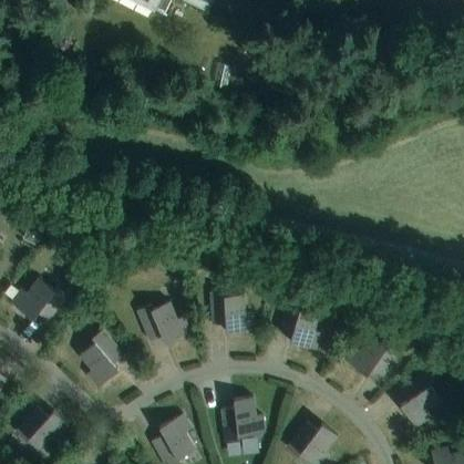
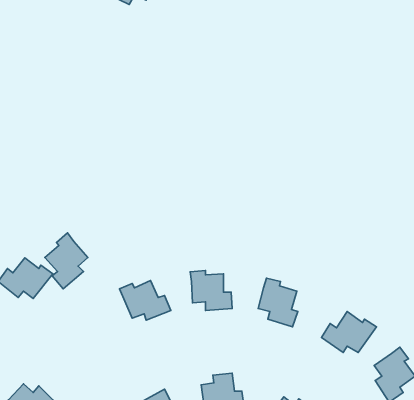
building: [79,329,123,386] -> [45,233,88,289]

